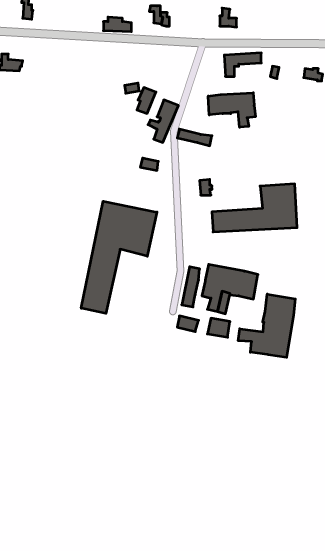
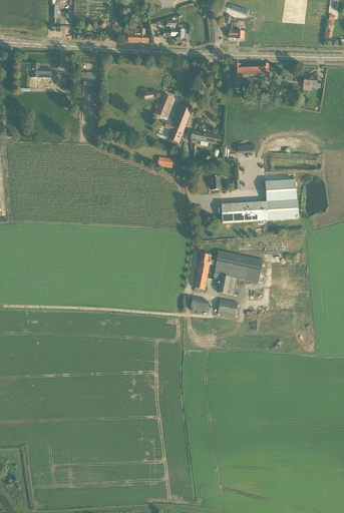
building: [208,93,255,127] -> none
building: [81,201,157,313] -> none
building: [238,294,295,357] -> none

